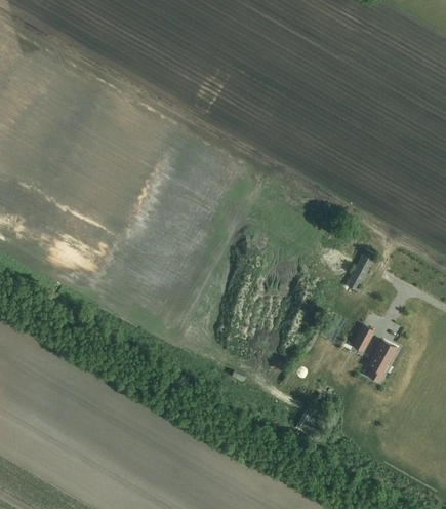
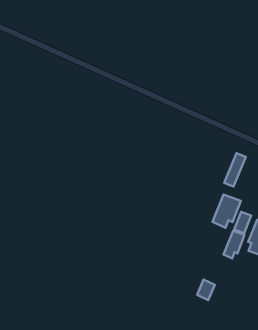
building: none -> [213,194,241,228]
building: none -> [224,231,245,259]

